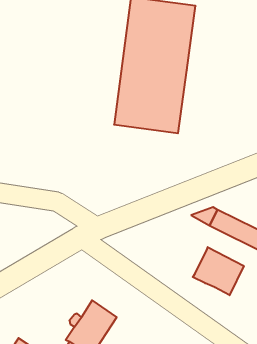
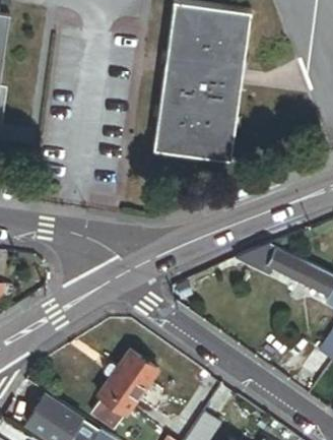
building: [193,247,244,295] -> none

